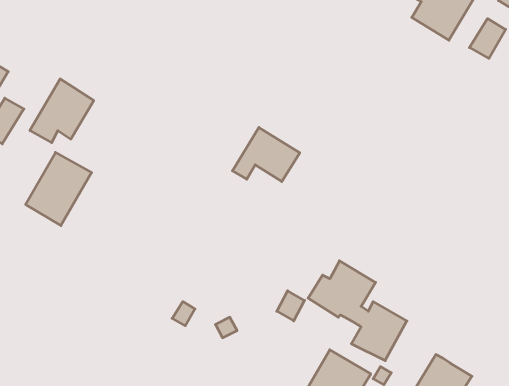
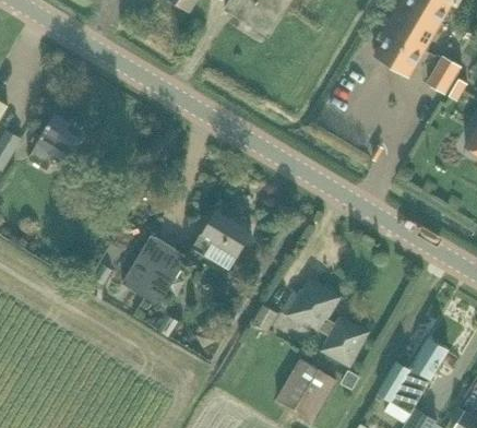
building: [232,127,300,182] -> [192,209,253,258]
building: [26,152,92,226] -> none
building: none -> [122,234,189,306]
building: none -> [409,337,448,381]

